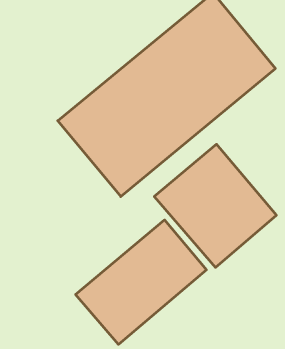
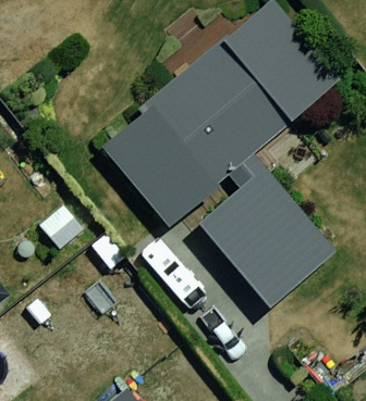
building: [76,220,206,344] -> none

